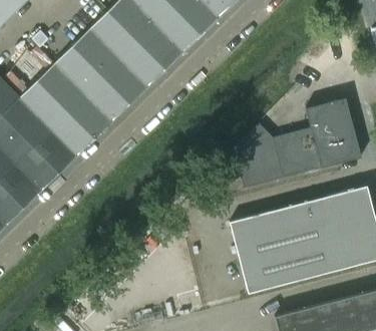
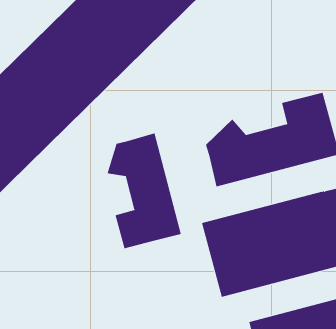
building: none -> [107,133,182,249]

